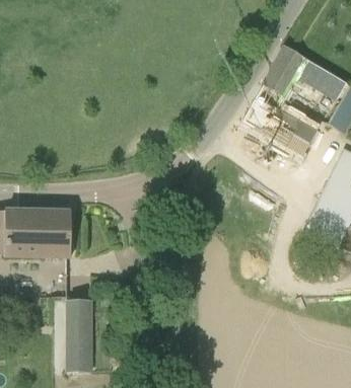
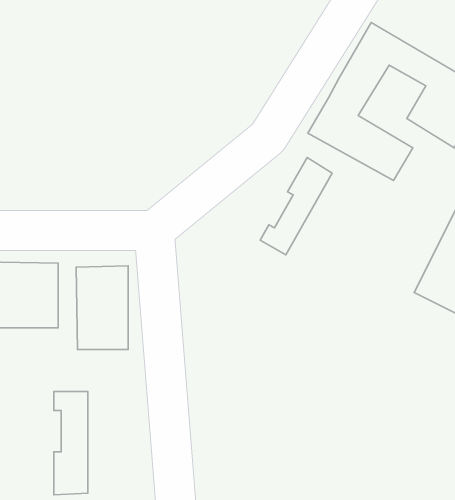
building: none -> [260,157,332,255]
building: none -> [76,266,128,349]

